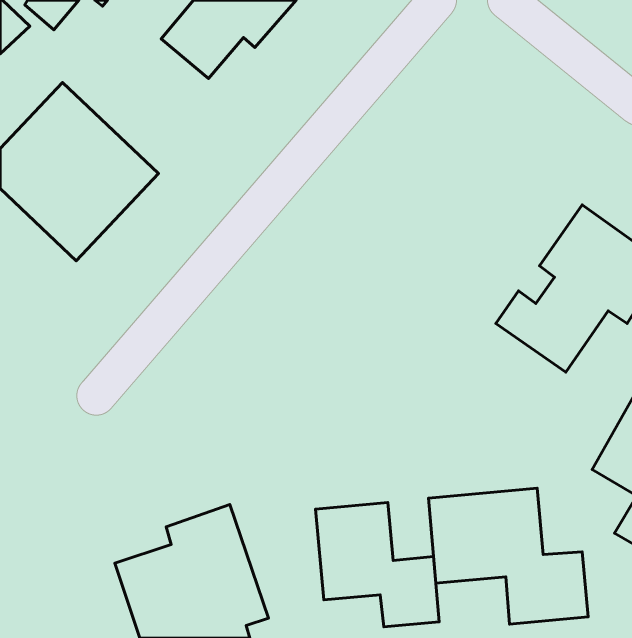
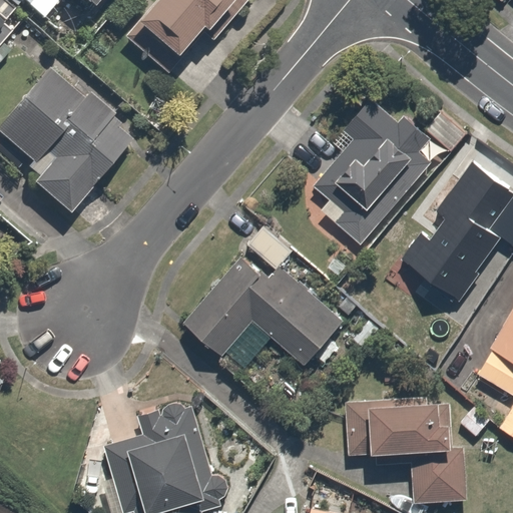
building: none -> [313,87,450,249]
building: none -> [182,218,356,369]
building: [315,502,439,627] -> none

